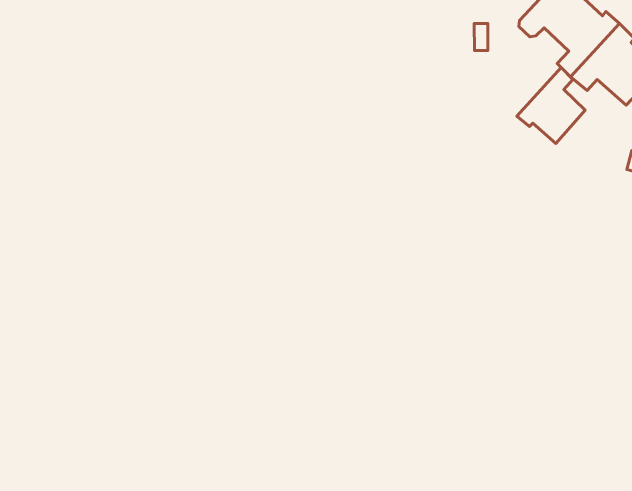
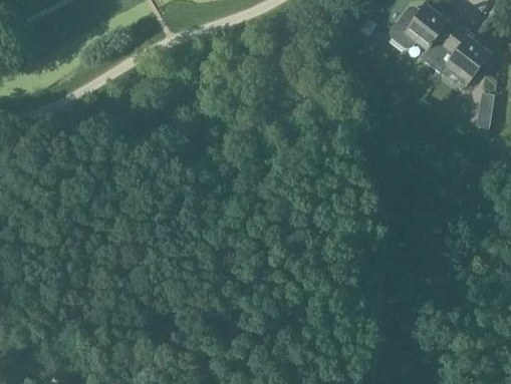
building: [517,68,585,143] -> none

